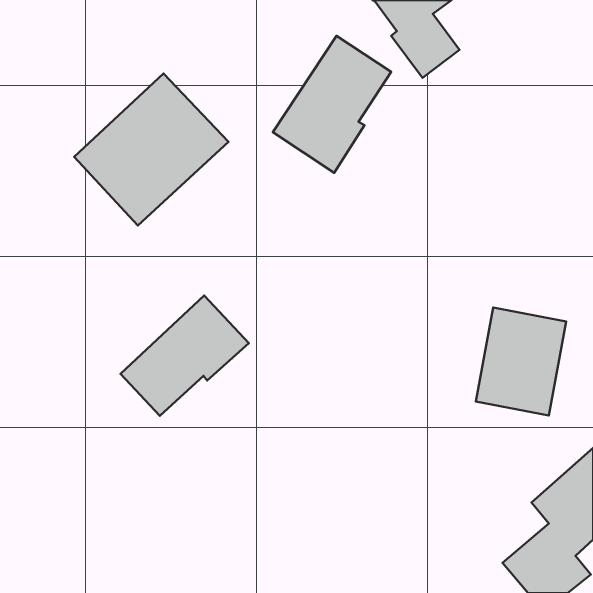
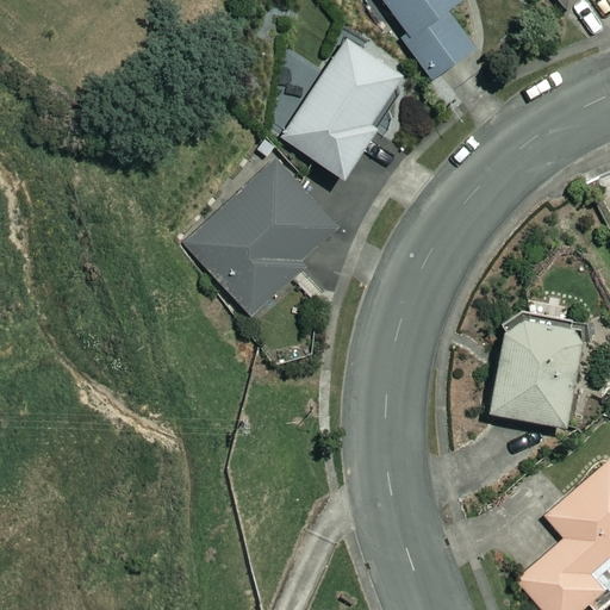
building: [74,73,228,225] -> [187,158,346,315]
building: [121,296,249,416] -> none

